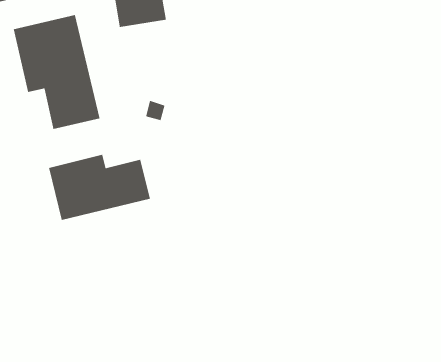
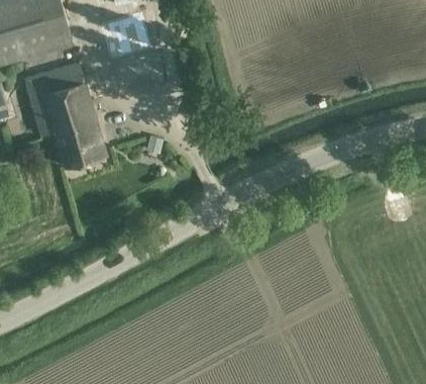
building: [48,154,151,221] -> none

